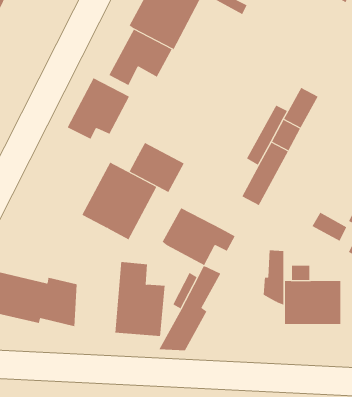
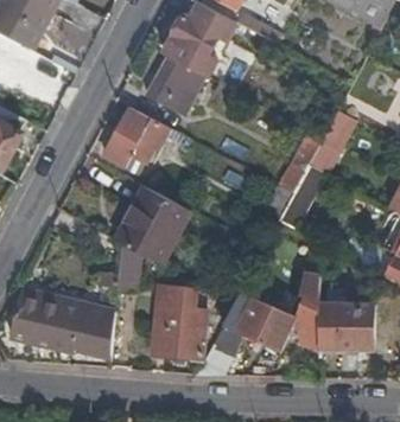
building: [129,142,184,193] -> none
building: [162,208,235,266] -> [239,298,312,356]
building: none -> [116,239,144,289]

